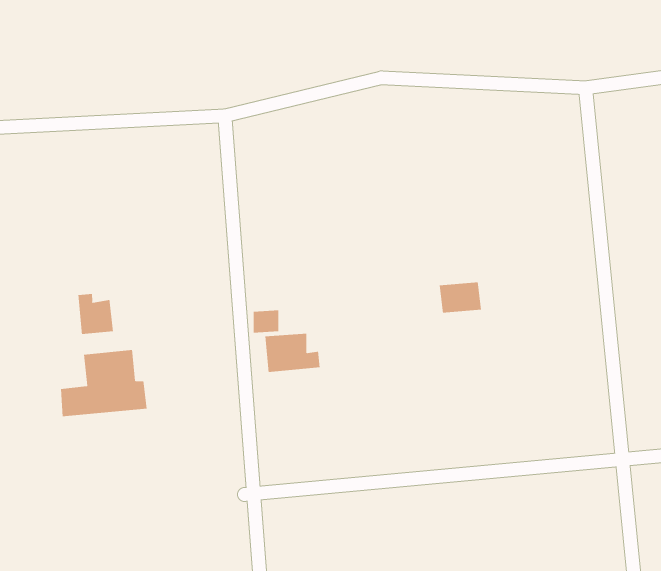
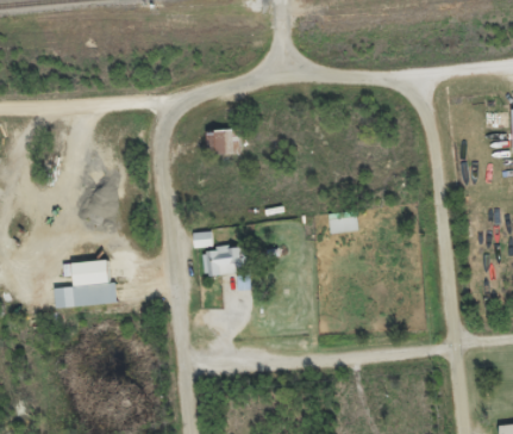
building: none -> [206,130,240,154]
building: [78,293,113,335] -> none

